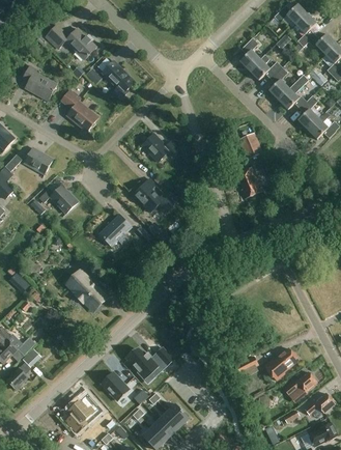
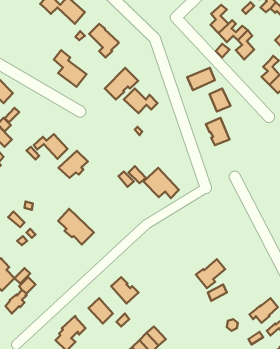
building: [22,64,56,100] -> none
building: [278,75,308,109] -> none
building: none -> [187,68,215,90]
building: none -> [105,68,138,100]
building: [24,147,52,173] -> none
building: [133,178,173,213] -> [143,168,179,198]
building: [98,215,132,246] -> [59,151,88,178]
building: [264,347,297,381] -> [196,259,225,288]

